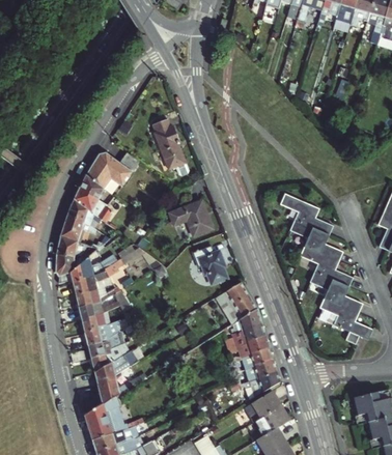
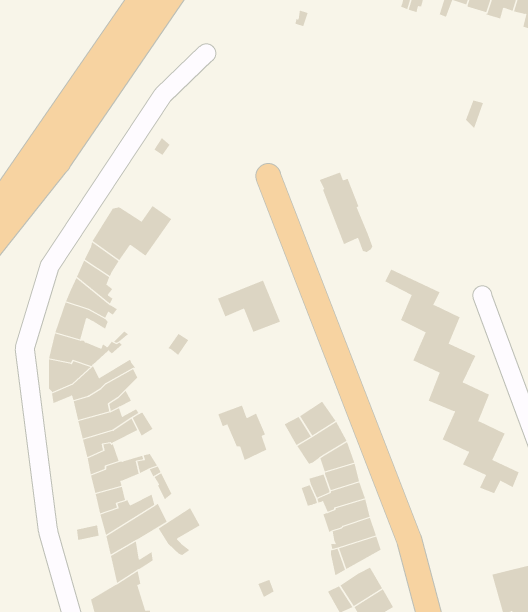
building: [151,120,188,174] -> [319,172,373,253]
building: [192,247,225,284] -> [218,405,267,461]
building: none -> [158,507,200,556]

